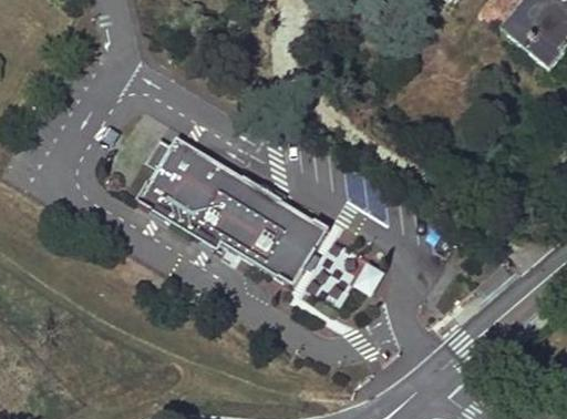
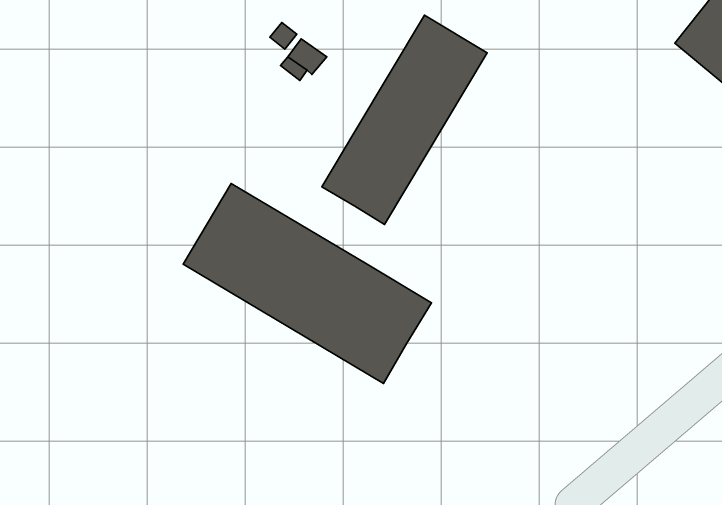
building: none -> [322,15,487,225]

